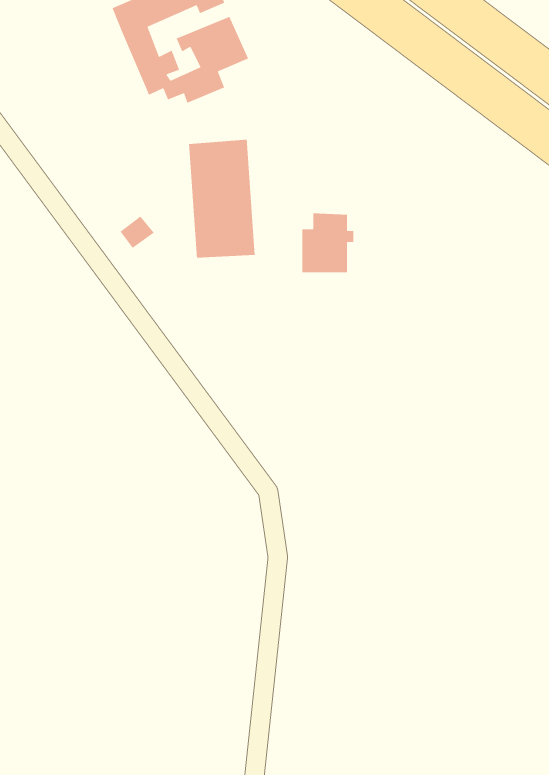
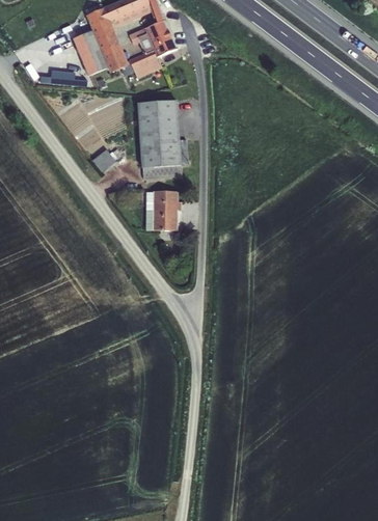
building: none -> [73,30,109,75]
building: [301,213,354,273] -> [146,190,181,229]

